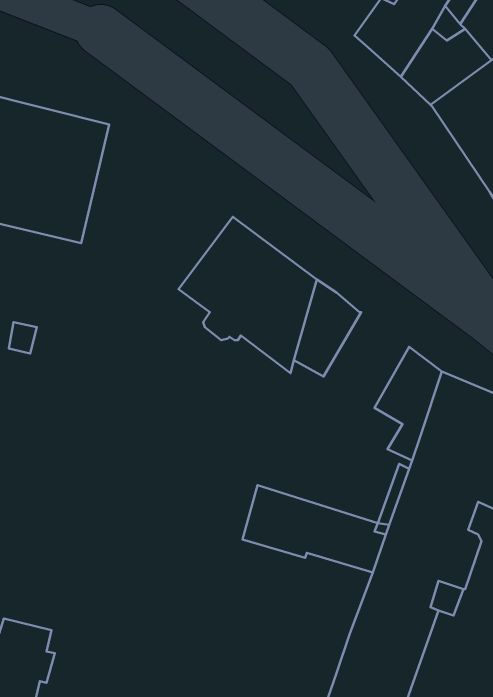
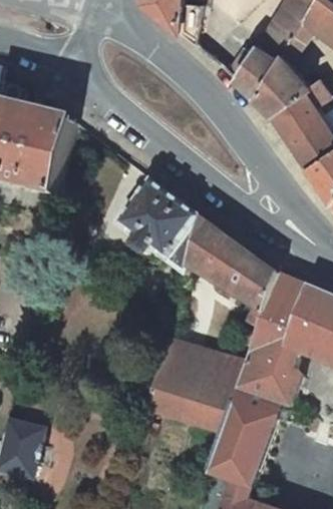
building: none -> [206,237,258,296]
building: none -> [146,376,236,433]

